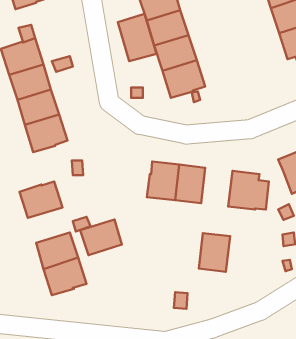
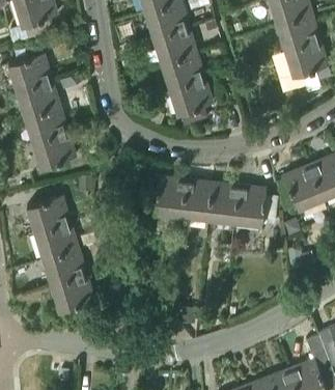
building: [118,14,157,61] -> none
building: [80,220,122,255] -> [34,223,76,258]
building: [199,233,230,272] -> [206,184,238,222]

